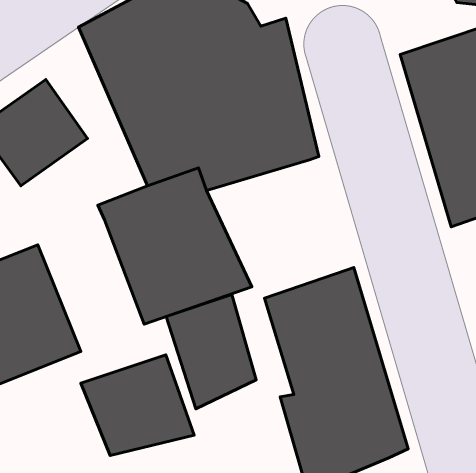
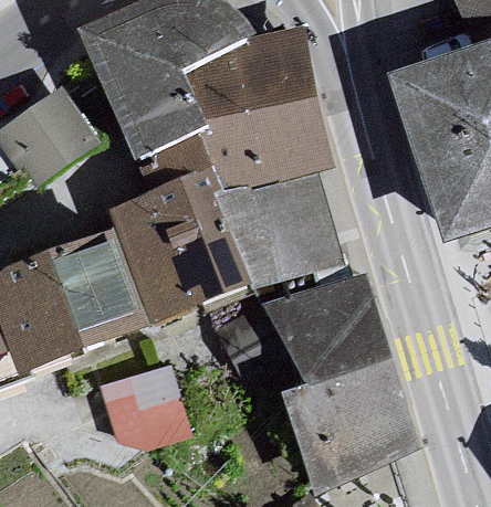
building: none -> [216,165,353,299]
building: none -> [51,223,155,351]
building: [166,295,256,409] -> none

